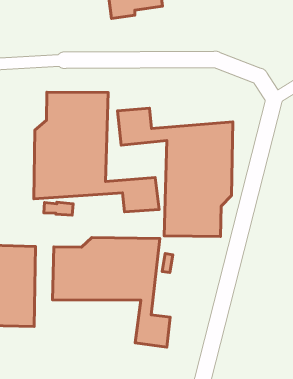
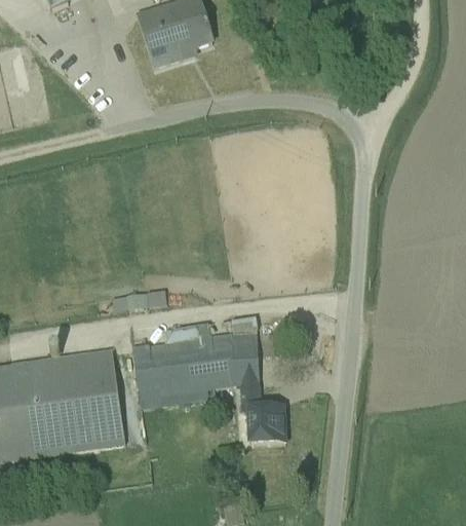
building: [34,92,159,212] -> none
building: [118,108,233,236] -> none

